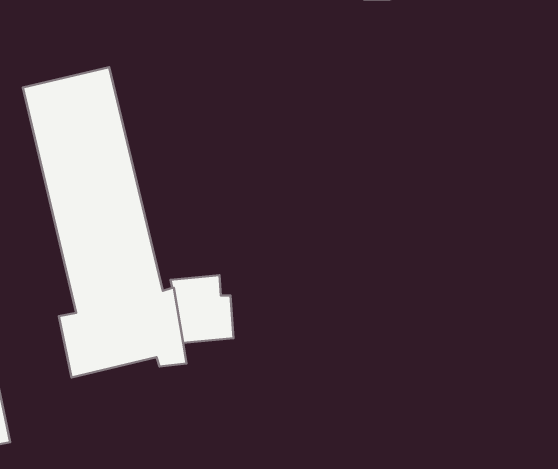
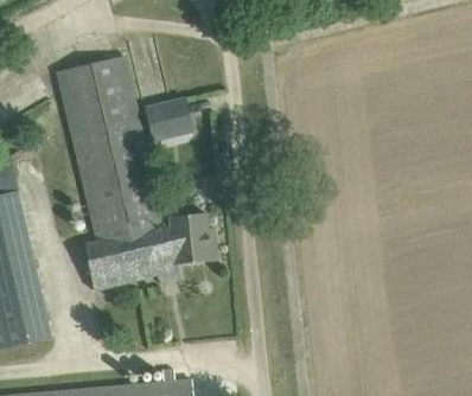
building: none -> [146,100,193,140]

